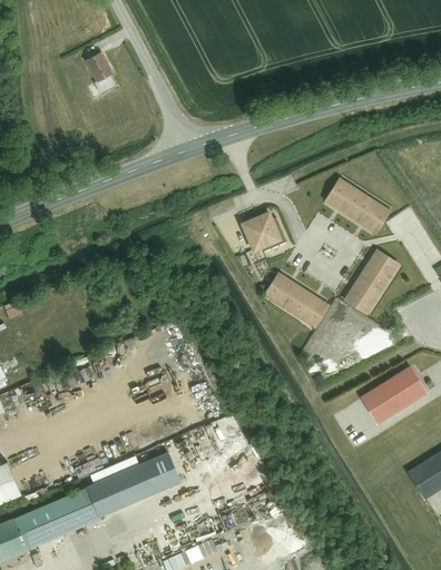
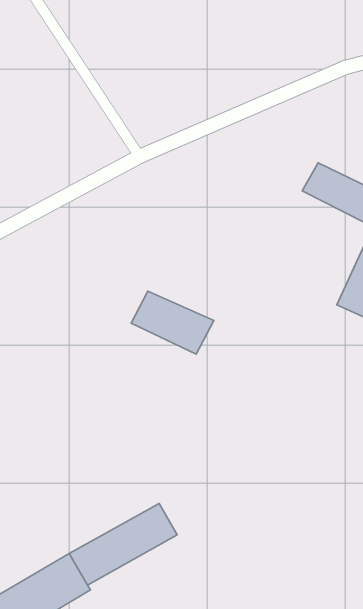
building: [89,51,116,83] -> none
building: [239,209,283,250] -> none
building: [259,271,331,330] -> [131,291,214,354]

